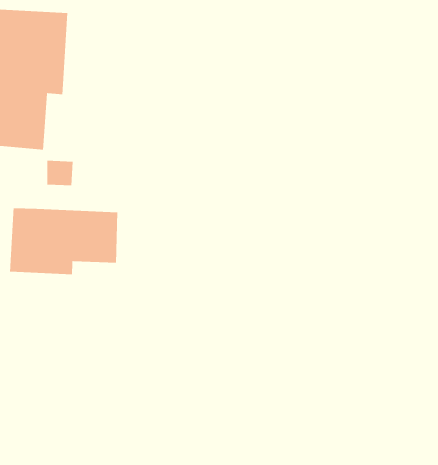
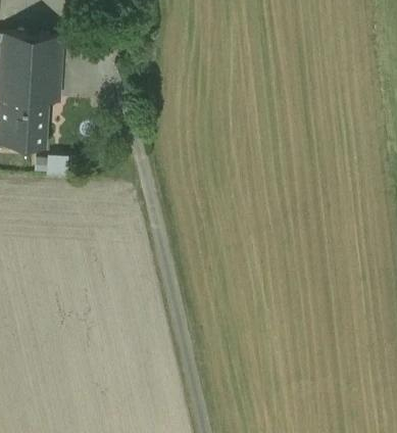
building: [9,207,118,275] -> none

